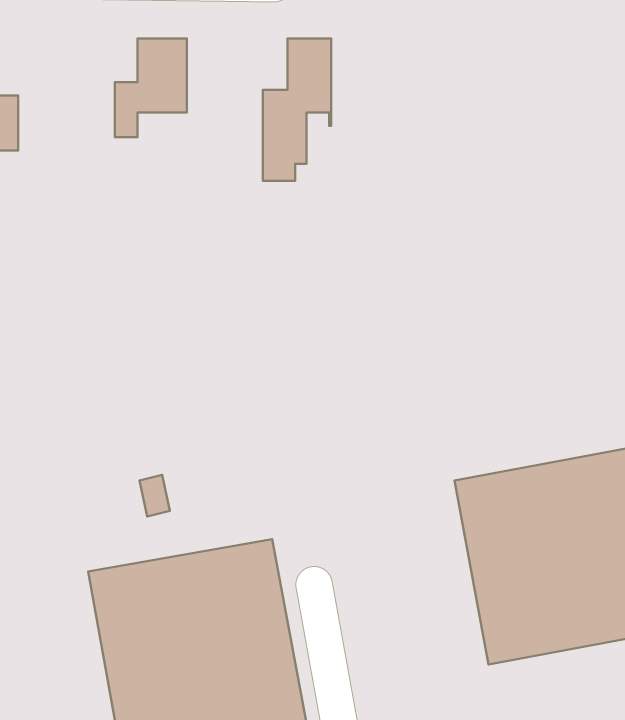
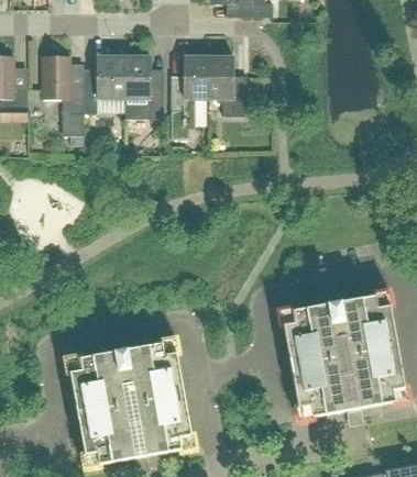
building: none -> [41,55,83,144]
building: none -> [123,55,163,117]
building: none -> [208,55,245,115]

